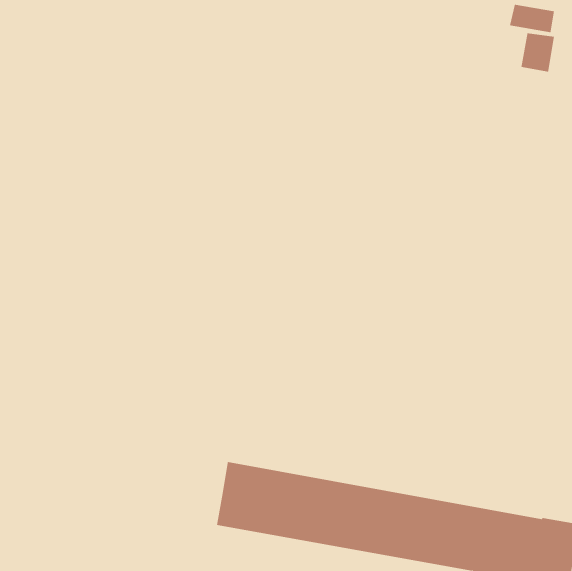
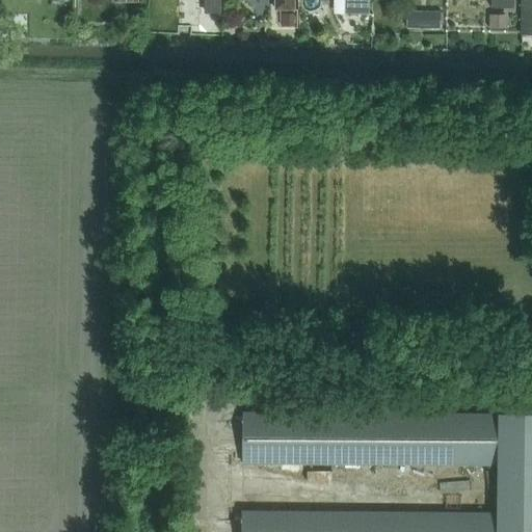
building: [521,33,555,72] -> none

